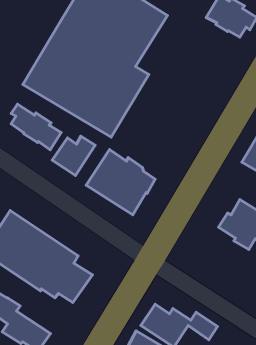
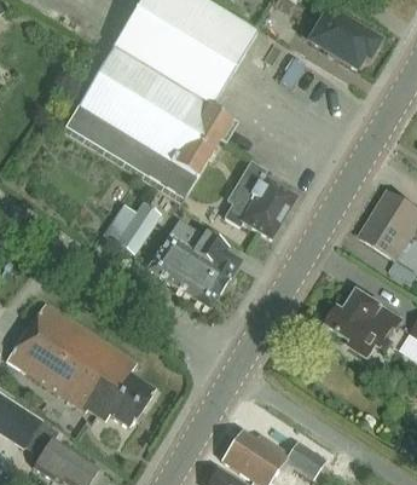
building: [11,104,61,150] -> none
building: none -> [225,161,296,237]

